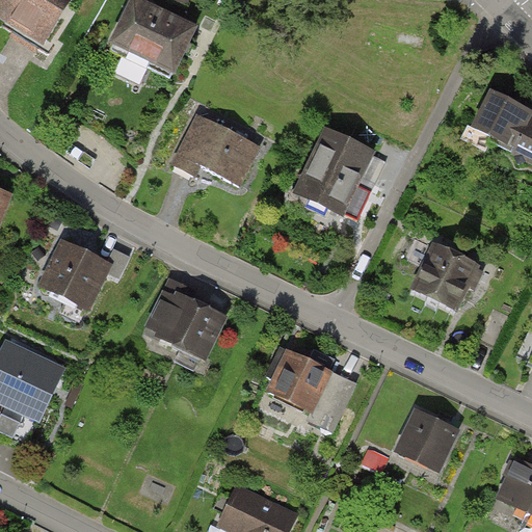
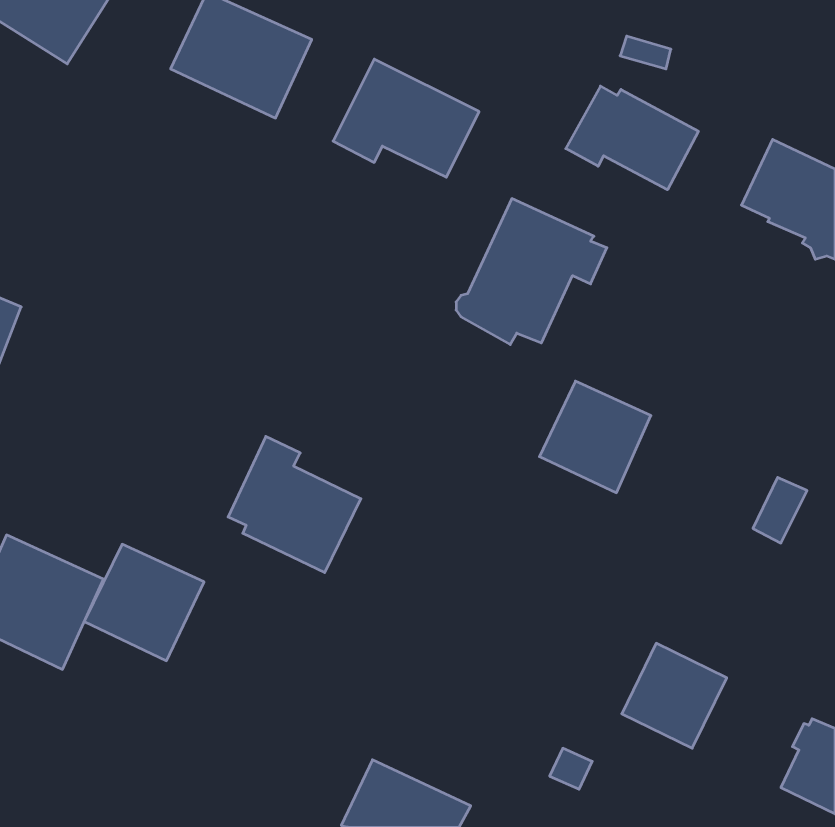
building: none -> [566,86,698,190]
building: [169,111,262,186] -> [333,59,479,177]
building: [37,238,113,312] -> [84,544,204,661]
building: [408,241,479,312] -> [539,381,651,493]
building: [266,349,356,432] -> none

